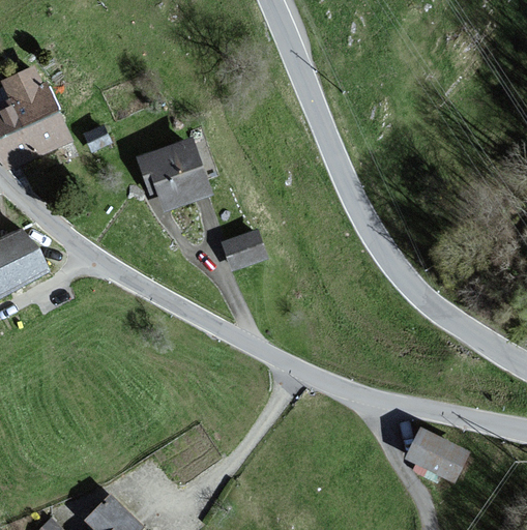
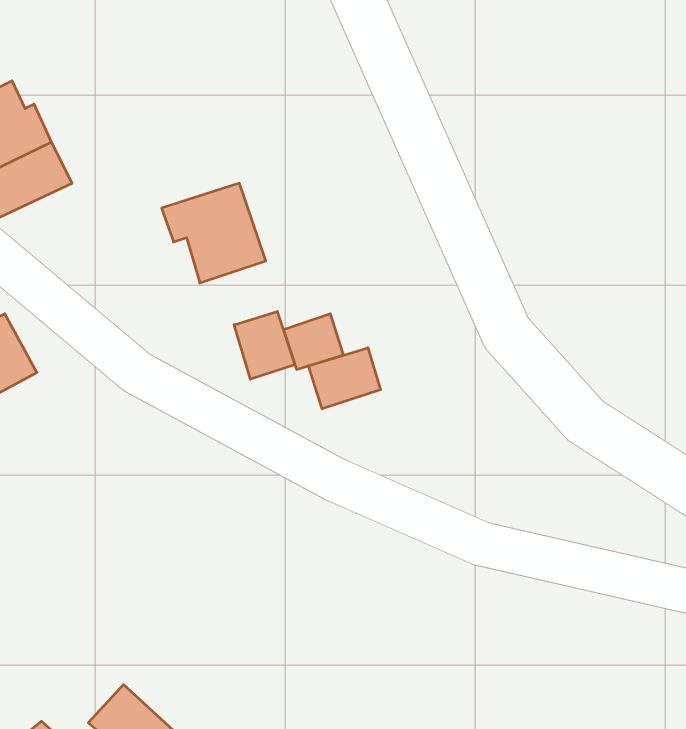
building: none -> [234,311,295,379]
building: none -> [308,348,381,409]
building: [405,430,468,483] -> none

